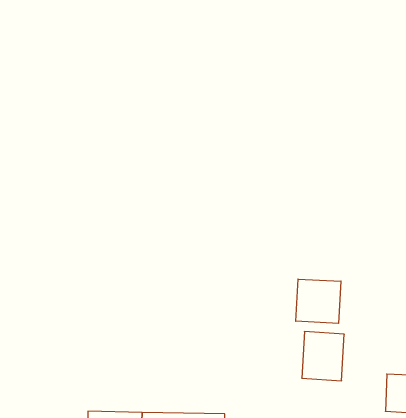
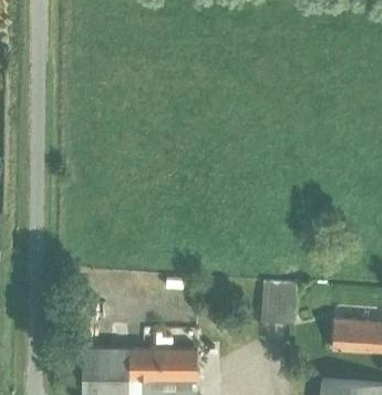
building: [296,279,341,323] -> none

